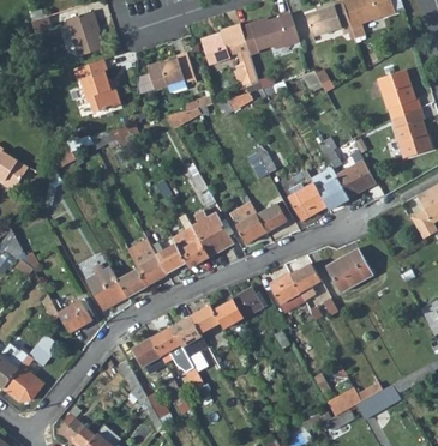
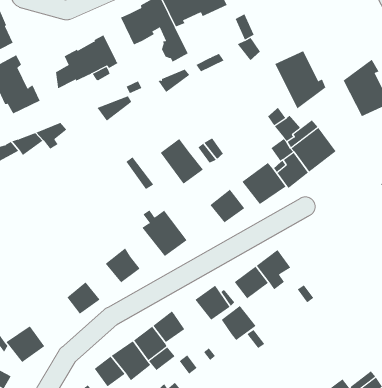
building: [377,70,420,121] -> [275,50,326,109]
building: [230,203,268,245] -> [160,138,204,185]
building: [180,228,210,269] -> none
building: [128,240,168,287] -> none
building: [326,251,373,294] -> none
building: [88,266,127,311] -> none
building: [212,299,244,330] -> [221,305,257,341]

